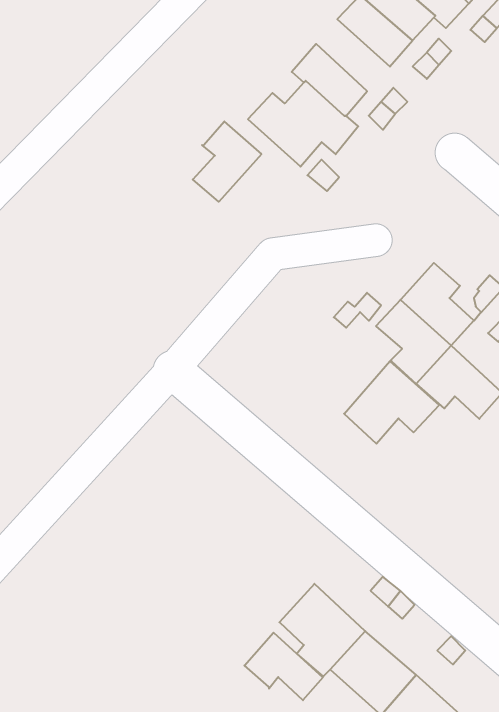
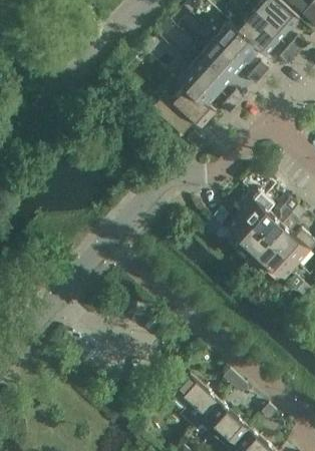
building: none -> [191,50,233,91]
building: [193,121,261,202] -> none
building: [344,361,439,444] -> none
building: [244,633,323,700] -> none

